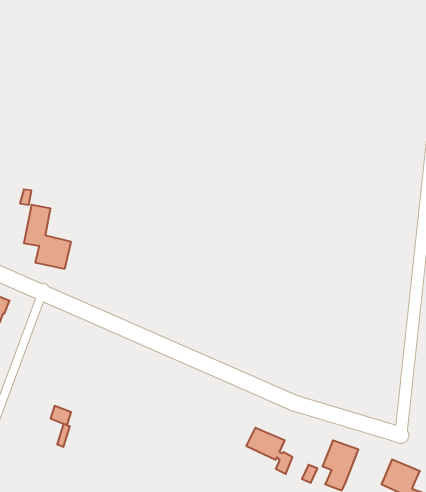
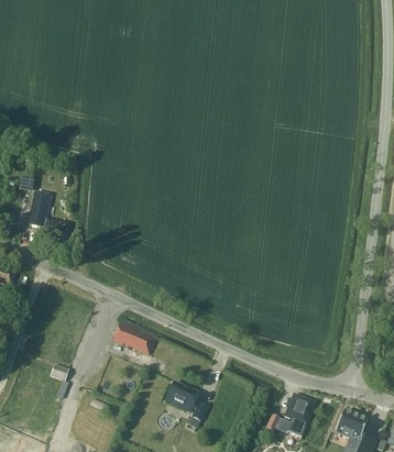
building: none -> [111,323,154,354]
building: [246,428,292,474] -> [165,383,205,422]

